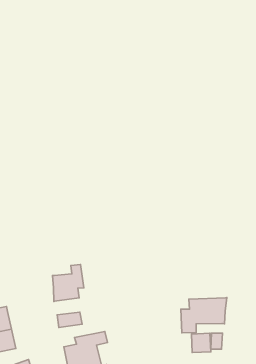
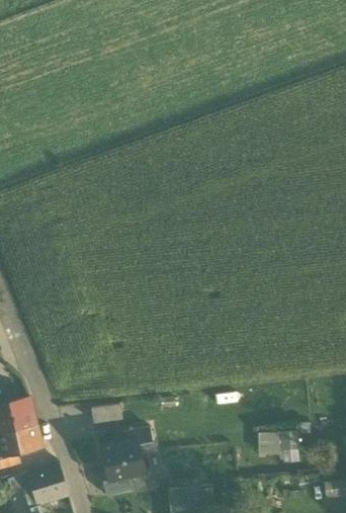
building: [53,264,84,301] -> none
building: [181,298,227,333] -> none

